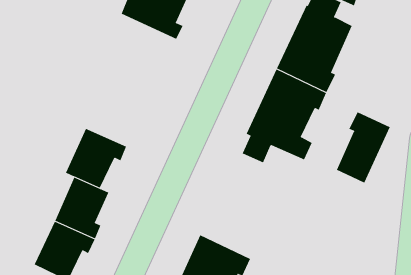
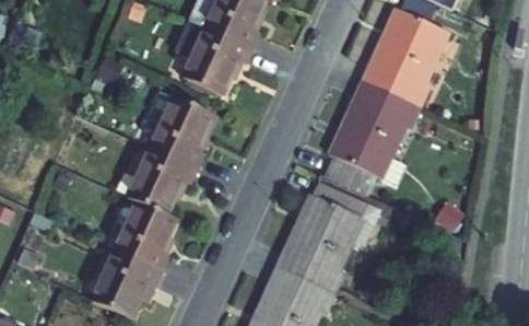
building: none -> [174,19,251,94]
building: none -> [150,91,212,167]
building: [336,111,391,184] -> none
building: none -> [278,181,379,293]

